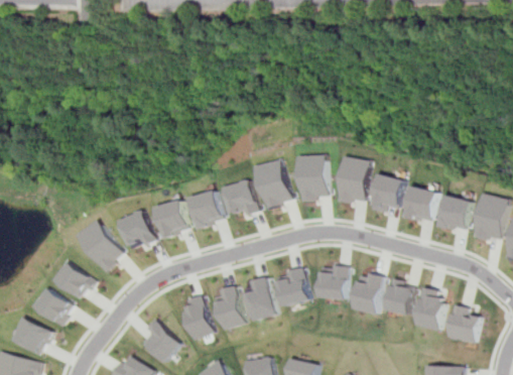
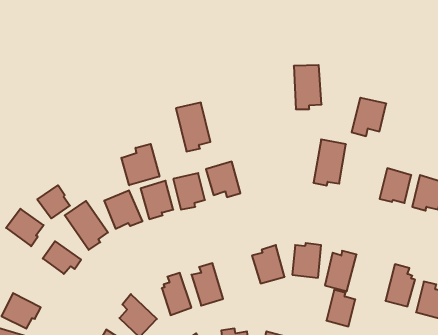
building: [300,154,330,201] -> [294,65,322,109]
building: [257,158,293,210] -> [176,103,210,151]
building: none -> [121,144,159,185]
building: [372,173,408,214] -> [352,98,386,136]
building: none -> [37,185,70,218]
building: [241,276,275,322] -> none
building: [383,277,413,316] -> [326,290,355,326]
building: [32,287,72,327] -> [6,209,44,246]

